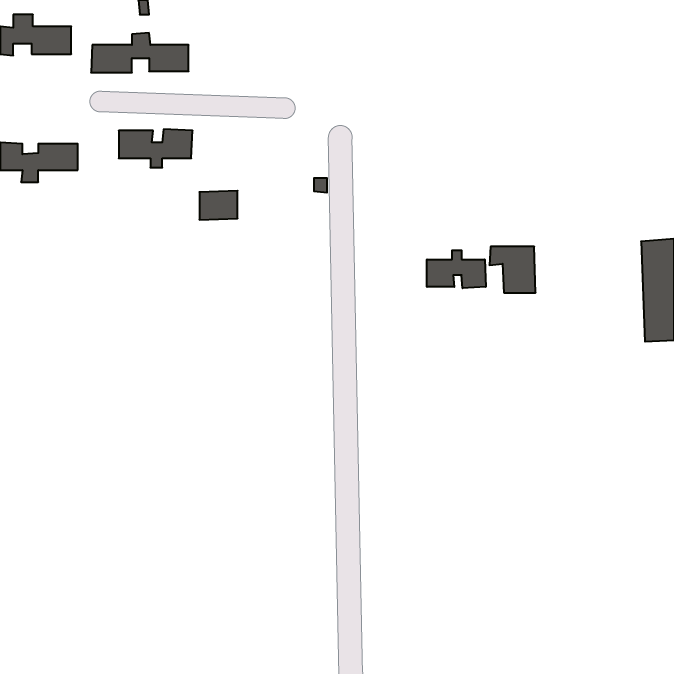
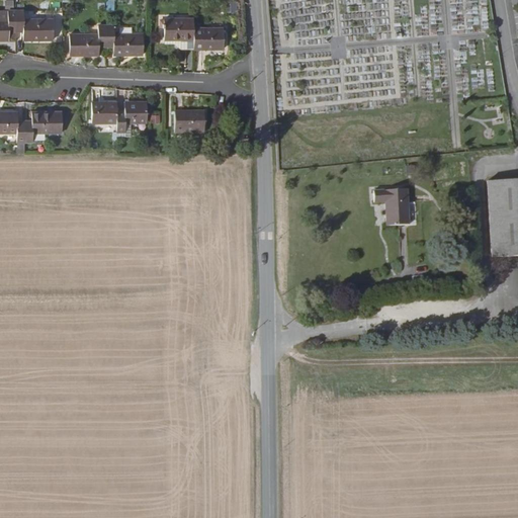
building: none -> [170,17,230,50]
building: [199,191,238,220] -> [175,108,204,131]
building: [427,250,486,288] -> none

